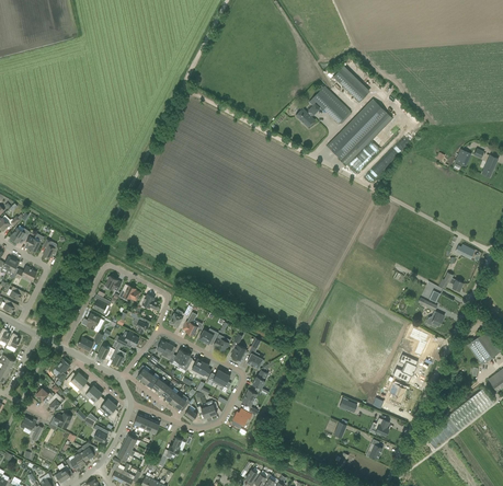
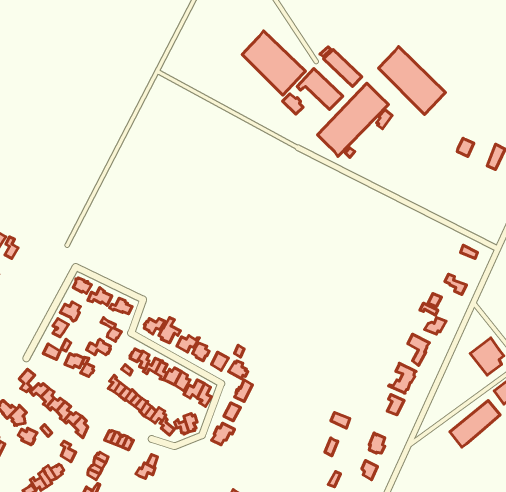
building: none -> [242,31,305,95]
building: none -> [378,46,446,114]

